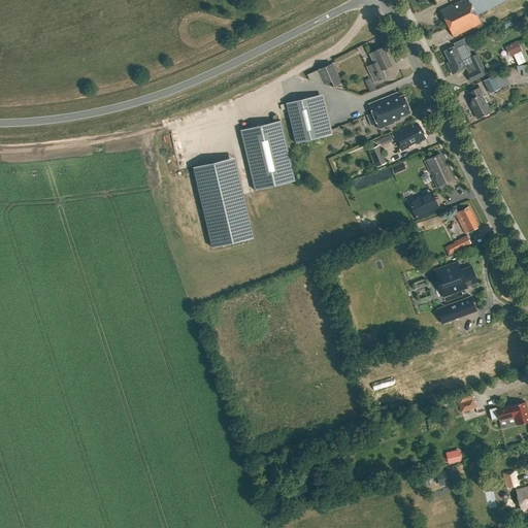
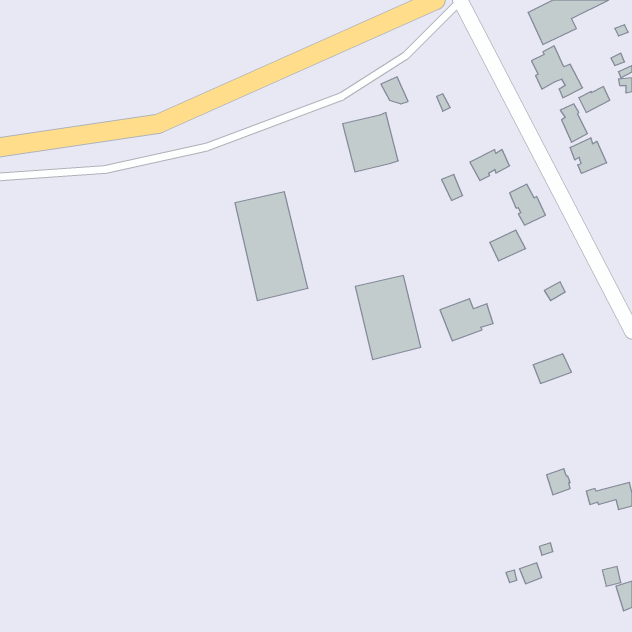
building: [366,46,392,82] -> none
building: [368,93,410,129] -> none
building: none -> [570,138,607,173]
building: [240,121,295,191] -> [355,276,421,360]
building: [455,206,480,234] -> none
building: [432,262,476,297] -> [440,299,493,341]

